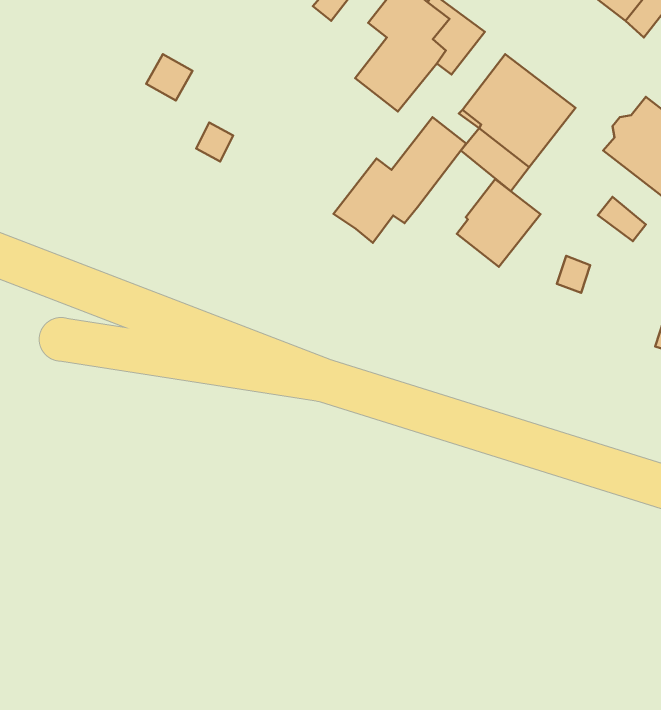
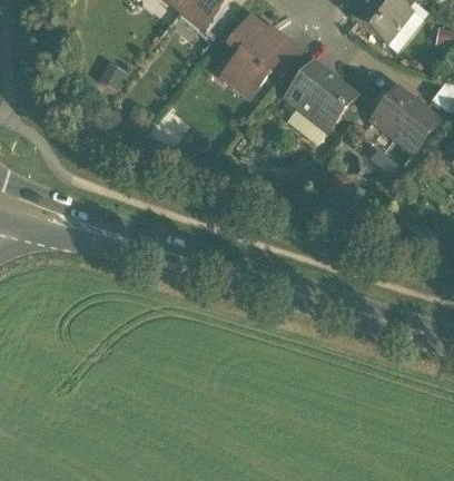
building: [333,117,466,243] -> none
building: [457,179,540,267] -> none

